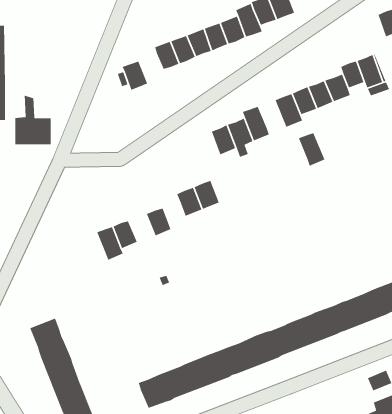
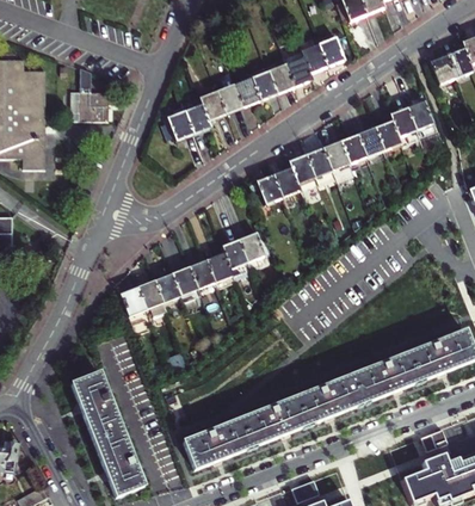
building: none -> [185,101,212,132]
building: [14,94,51,145] -> [72,68,110,121]
building: [298,132,325,167] -> [308,149,337,185]
building: none -> [210,254,238,288]
building: none -> [174,266,203,301]
building: none -> [123,285,153,322]

